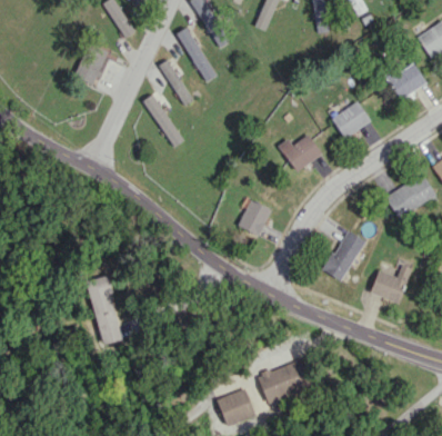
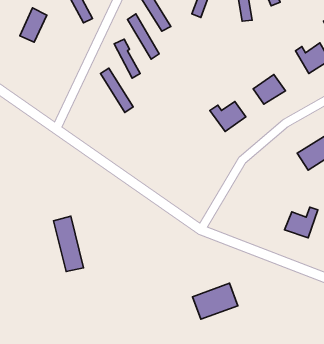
building: [76,42,109,85] -> [20,8,47,42]
building: [239,199,272,236] -> none
building: [323,230,366,281] -> none
building: [218,389,255,425] -> none

